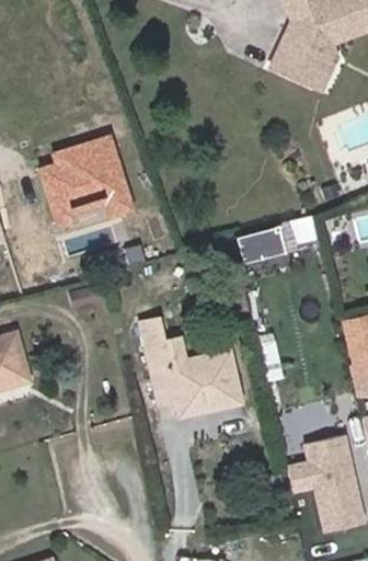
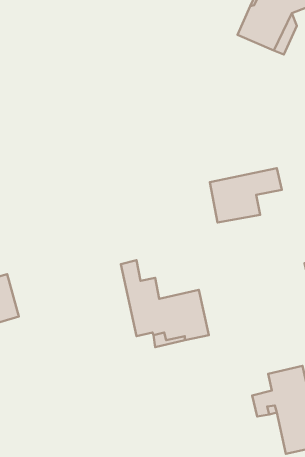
building: [38,135,133,222] -> none

